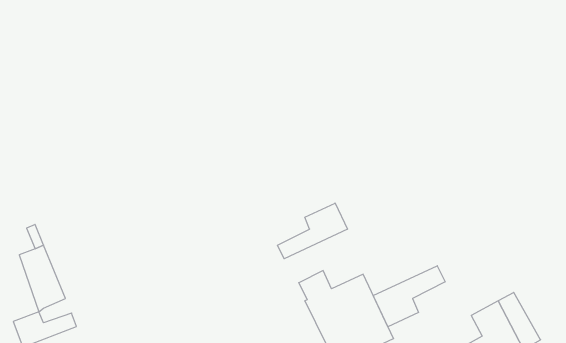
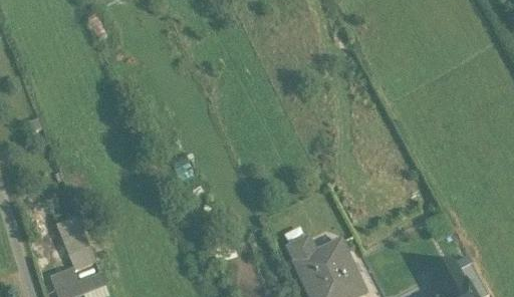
building: [277,203,347,259] -> none
building: [373,266,445,327] -> none

